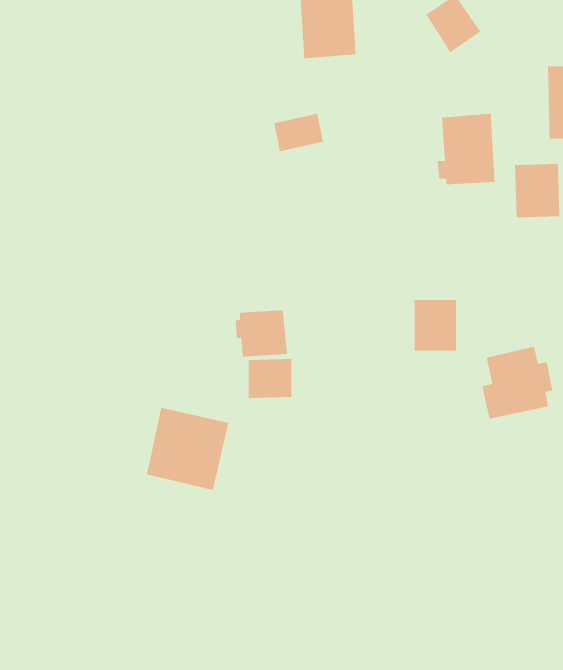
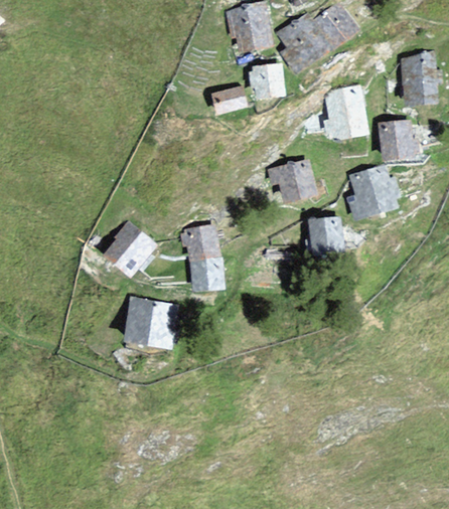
building: none -> [270,13,330,72]
building: none -> [248,64,280,98]
building: none -> [271,162,316,201]
building: none -> [104,220,159,276]
building: [482,346,553,419] -> [347,167,398,218]

